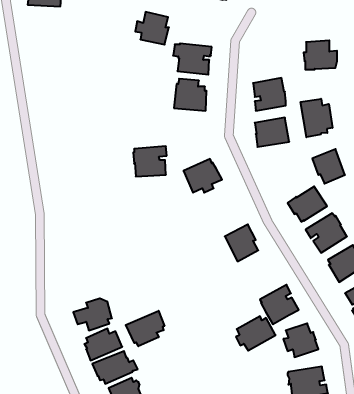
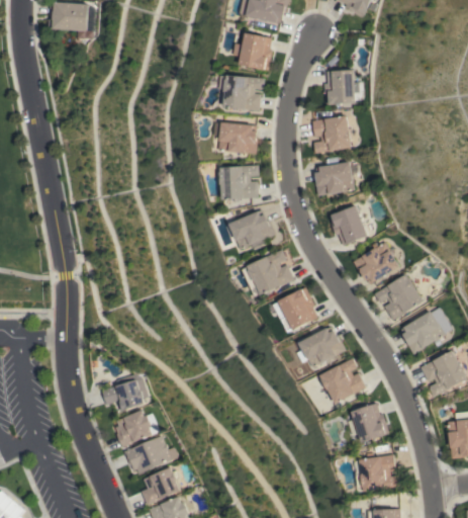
building: [135,12,169,45] -> [233,32,273,71]
building: [304,40,337,70] -> [323,70,363,104]
building: [301,99,332,137] -> none
building: [133,146,167,176] -> [220,165,260,200]
building: [312,149,345,184] -> [329,205,367,246]
building: none -> [244,250,295,297]
building: [126,311,164,346] -> none
building: [236,316,276,351] -> [299,328,346,368]

